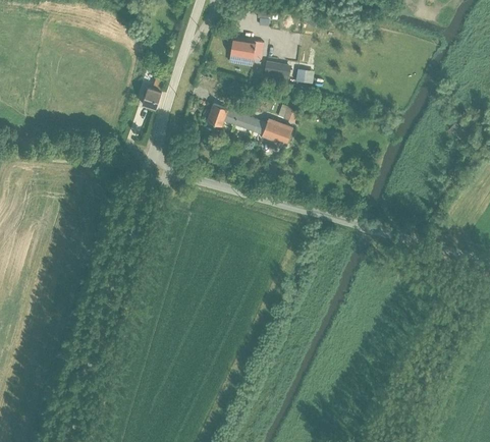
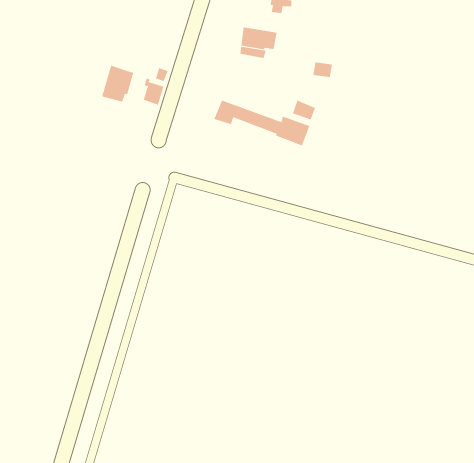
building: [264,61,291,80] -> none
building: none -> [101,65,134,103]

